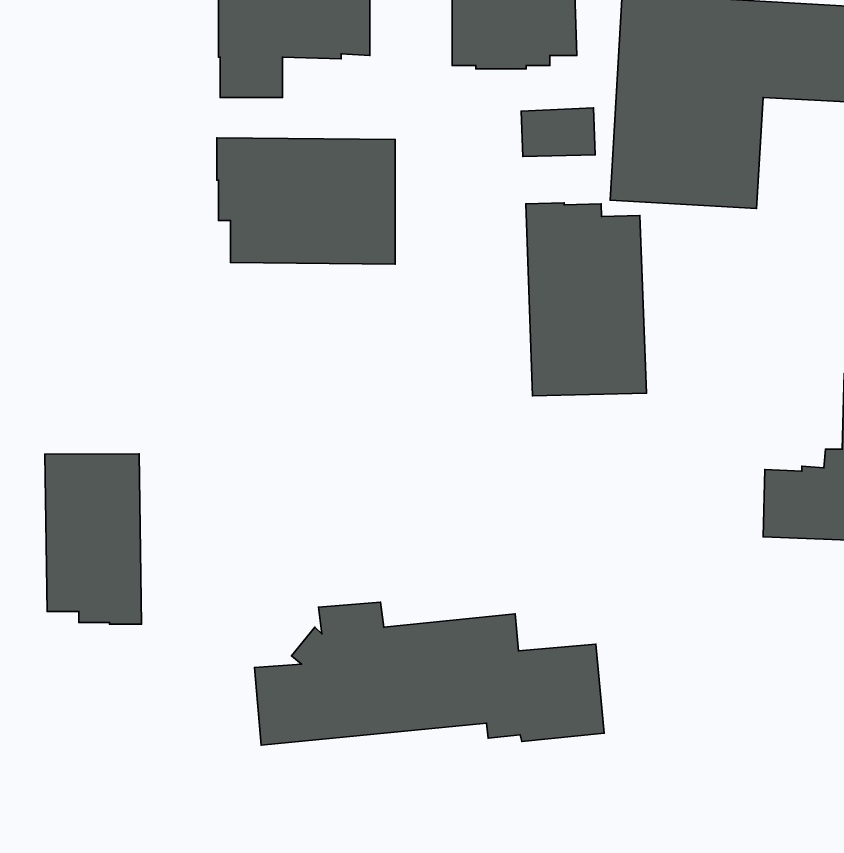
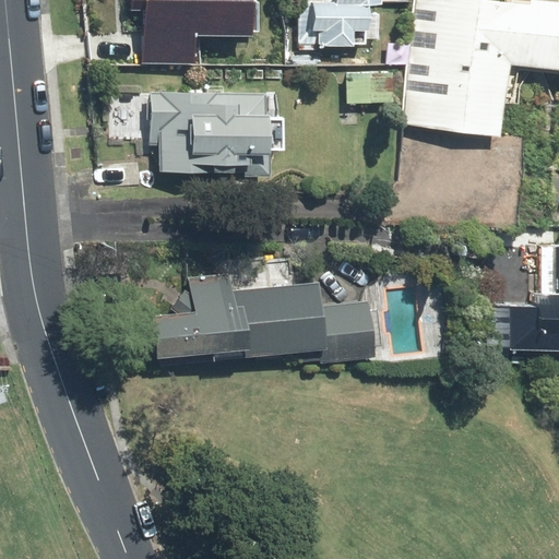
building: [526,203,646,396] -> none
building: [45,454,141,624] -> none
building: [254,602,604,745] -> [150,272,377,365]

